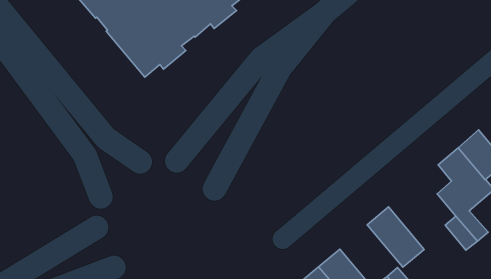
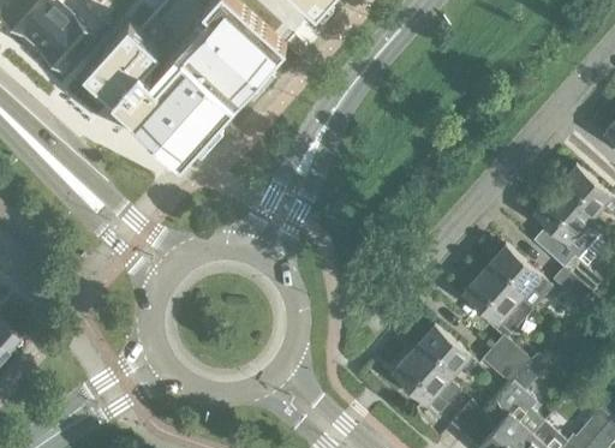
building: none -> [480,249,549,315]

